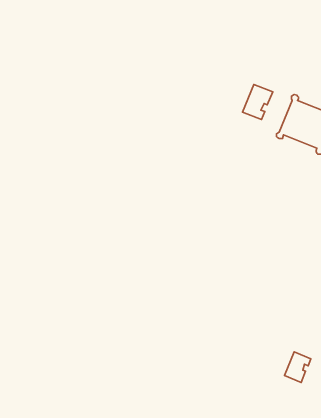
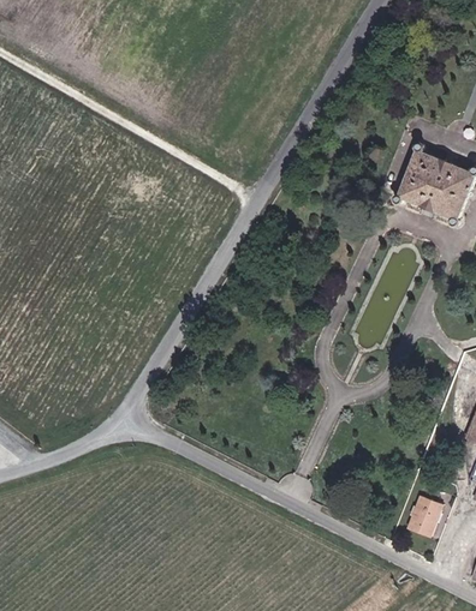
building: [243,84,273,120] -> none

